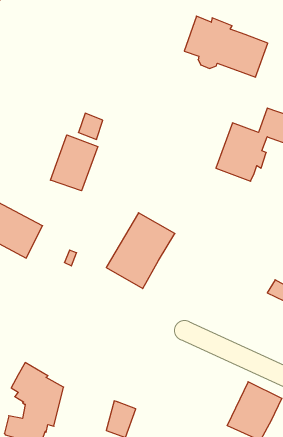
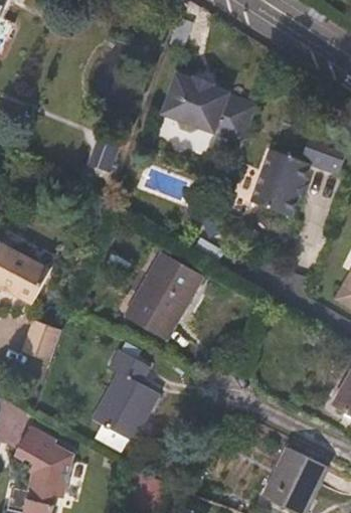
building: [184,16,268,77] -> [160,72,256,143]
building: [50,135,98,191] -> none
building: none -> [20,319,60,362]
building: none -> [94,348,158,453]

